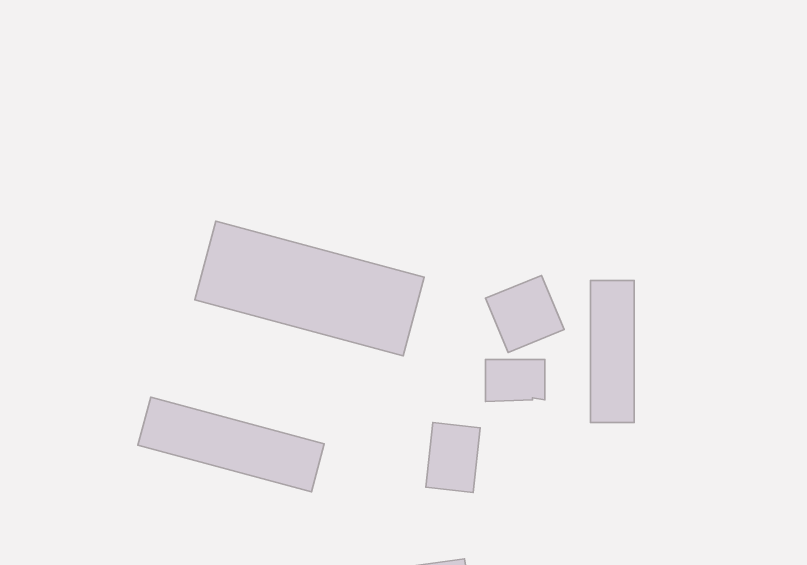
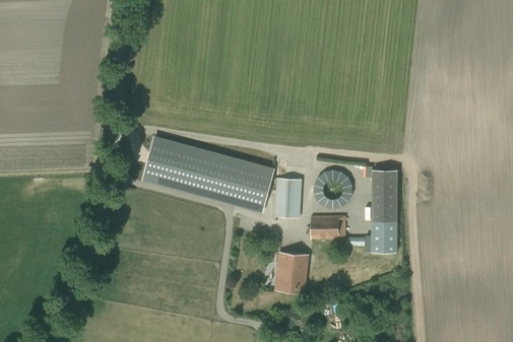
building: none -> [274,178,301,217]
building: [138,397,324,492] -> none

